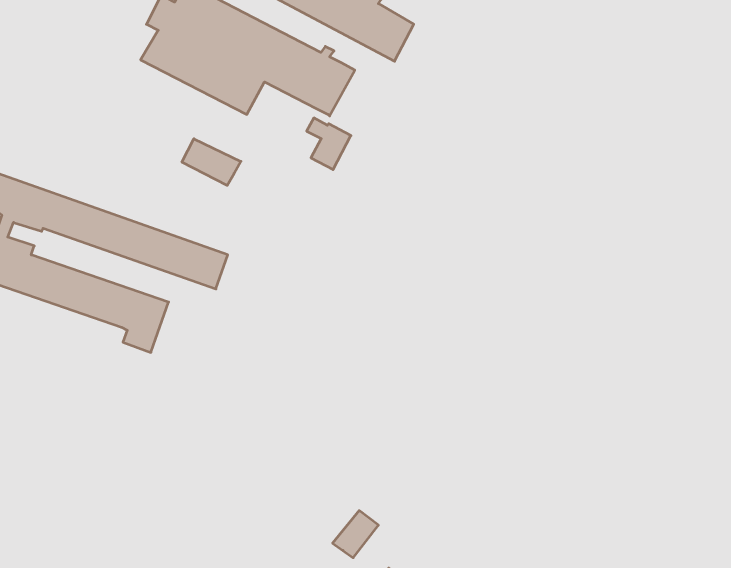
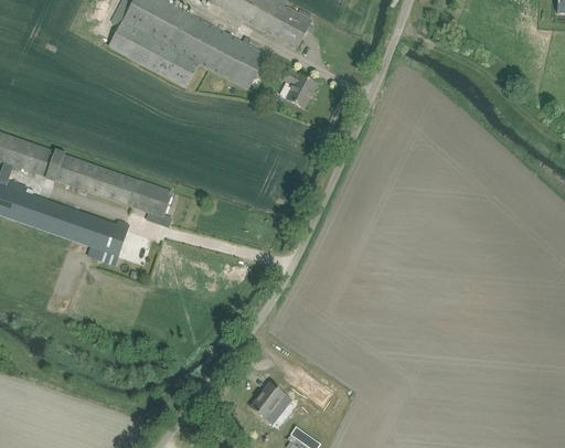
building: [307,118,351,170] -> [284,70,317,108]
building: [182,139,241,185] -> none

